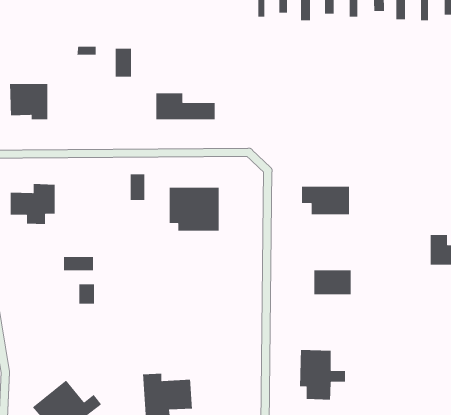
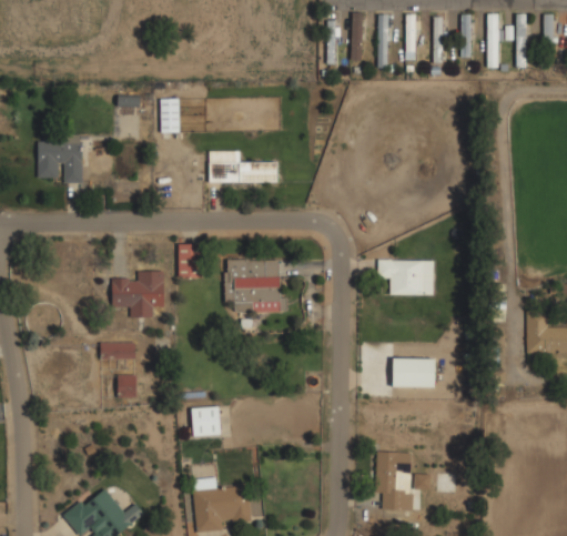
building: [10,183,56,225] -> [111,270,164,318]
building: none -> [192,407,221,436]

